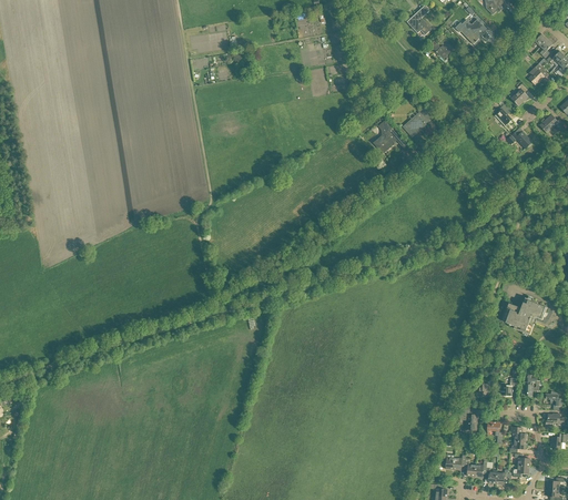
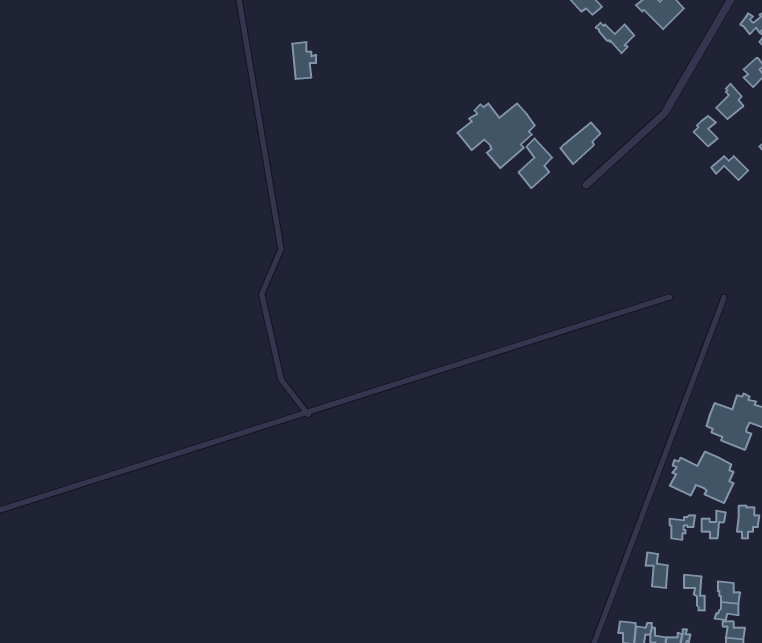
building: none -> [457,103,535,168]
building: none -> [670,452,733,503]

